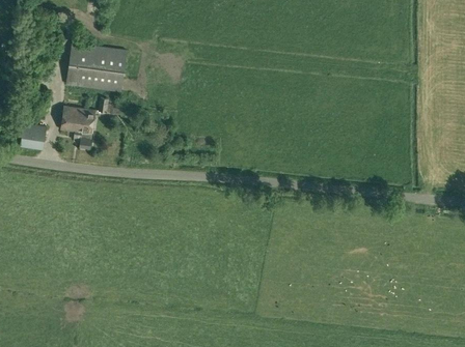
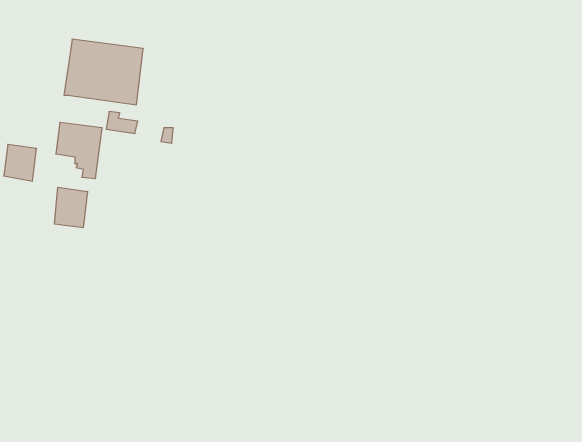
building: none -> [55,187,88,228]

